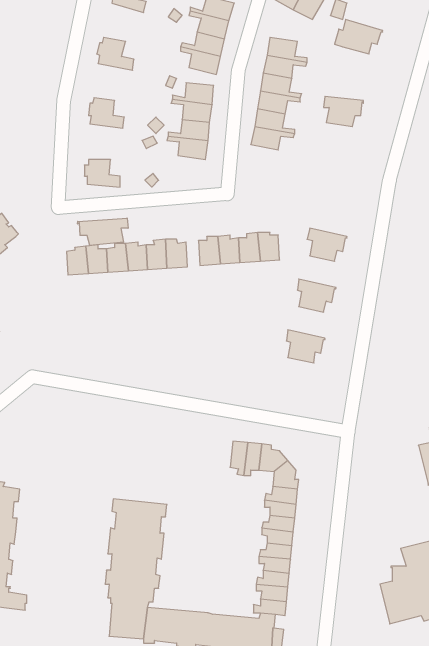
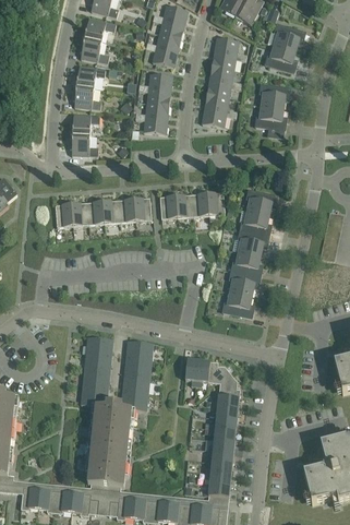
building: none -> [82,17,114,40]
building: none -> [264,45,295,72]
building: none -> [74,65,105,87]
building: none -> [254,105,286,139]
building: none -> [69,114,99,134]
building: [78,218,128,246] -> none
building: none -> [239,211,270,236]
building: none -> [230,251,262,276]
building: none -> [221,291,253,318]
building: none -> [80,335,153,409]
building: none -> [20,480,90,515]

